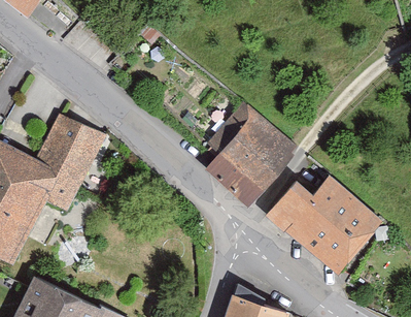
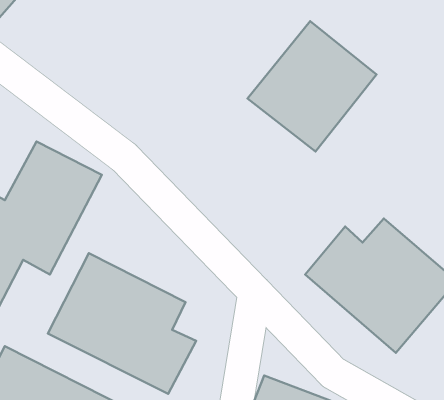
building: [192,103,292,204] -> [248,21,377,152]
building: none -> [48,253,196,394]

